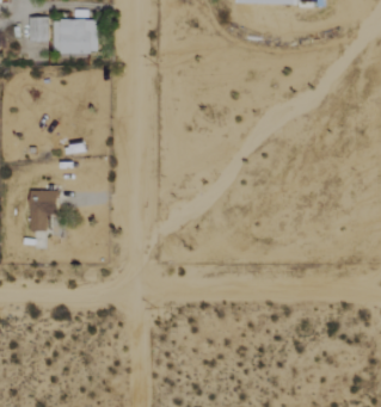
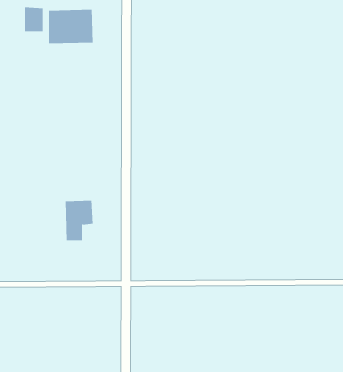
building: [29,190,57,230] -> [65,200,93,241]

